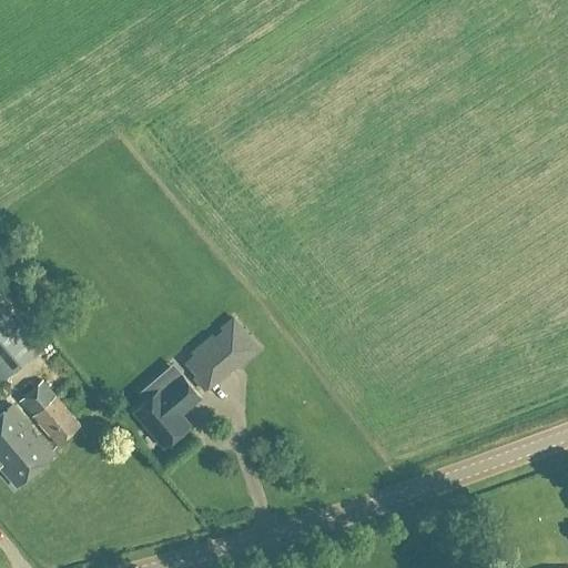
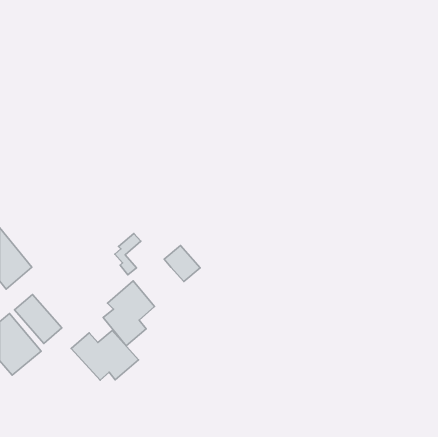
building: [187,337,221,390] -> [115,234,141,275]
building: none -> [71,330,139,380]

